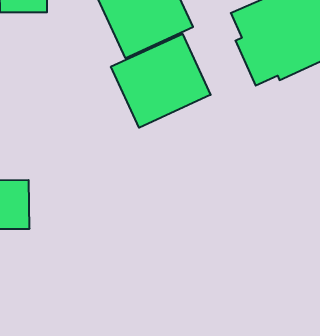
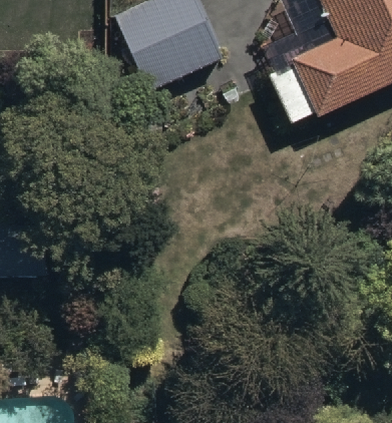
building: [111,34,211,128] -> none

